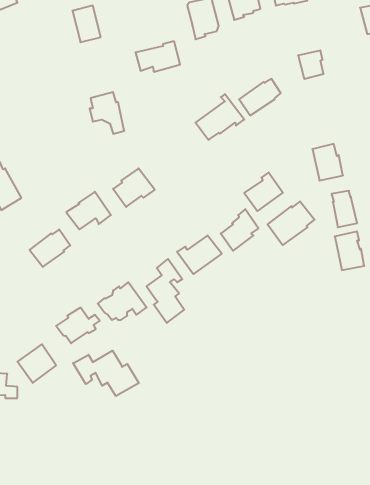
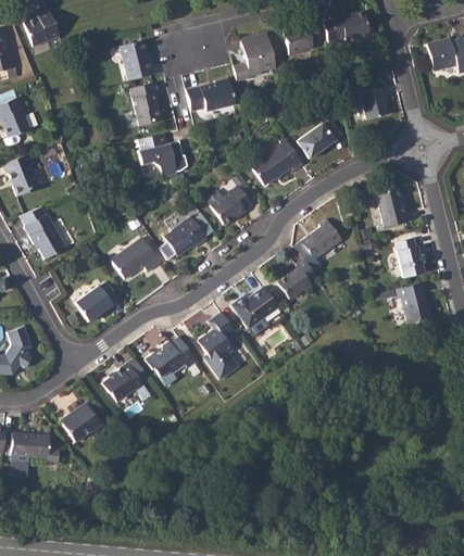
building: none -> [131,83,161,125]
building: none -> [205,185,252,224]
building: [268,201,315,245] -> none
building: [73,351,139,396] -> none

